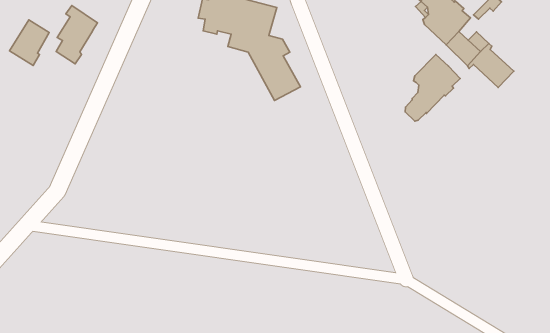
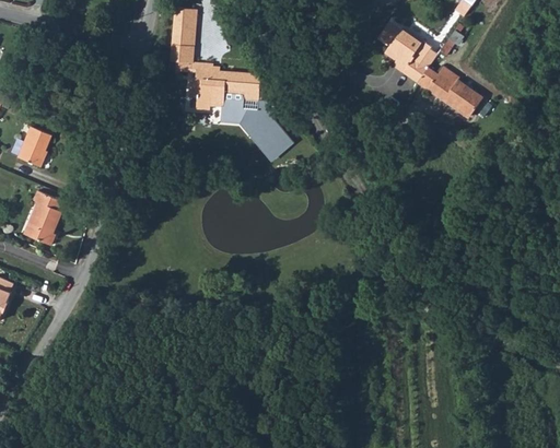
building: [56,5,98,64] -> [28,190,63,244]
building: [405,54,460,121] -> none

